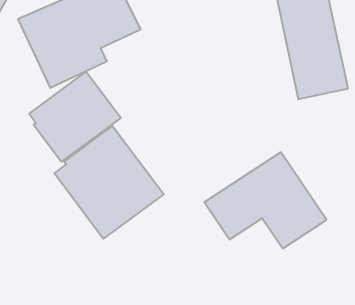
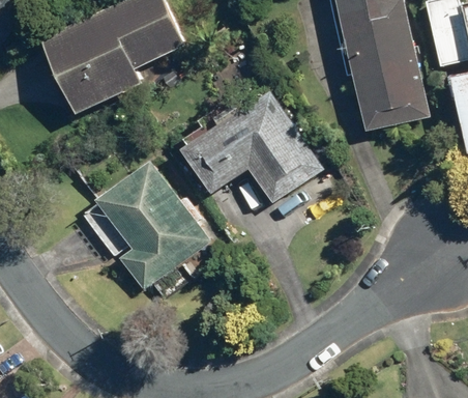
building: [29,72,121,162] -> none
building: [204,152,326,248] -> [182,91,324,203]

